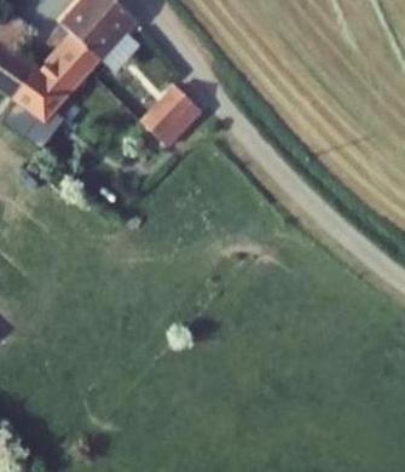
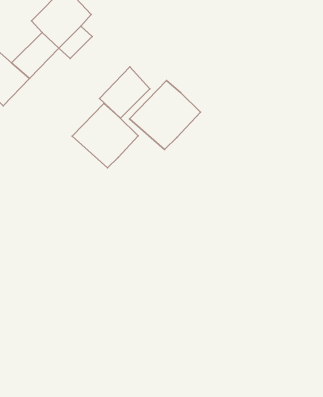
building: none -> [130,80,200,149]
building: none -> [72,103,138,168]

